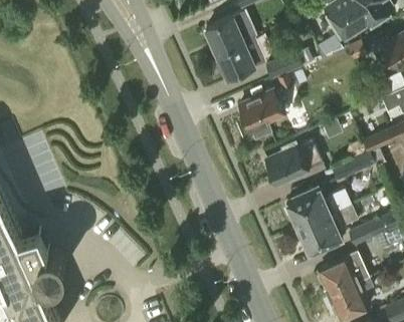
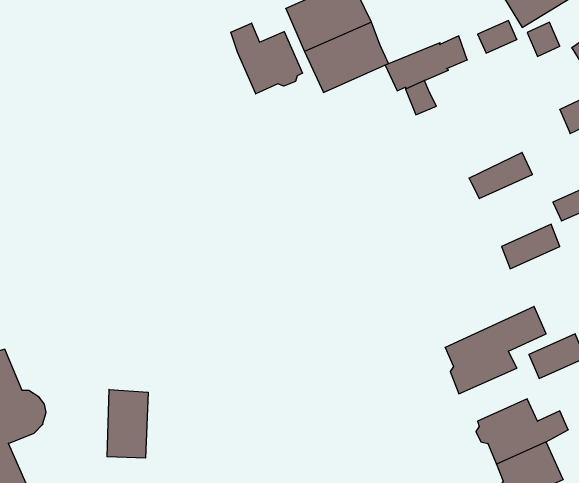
building: none -> [231,23,302,94]
building: [239,91,282,138] -> none
building: [265,140,317,186] -> none
building: [283,189,351,230] -> none
building: none -> [107,389,148,458]

